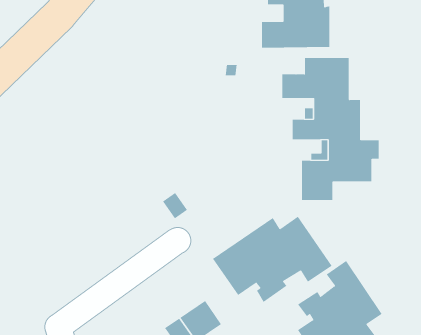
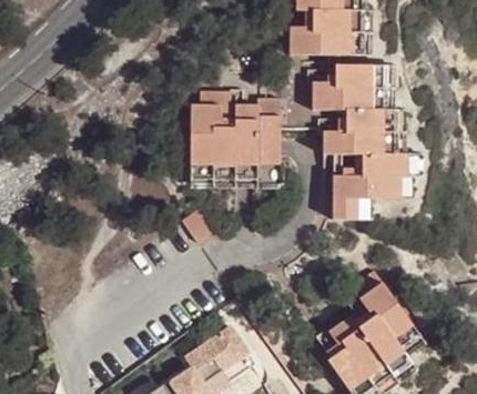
building: none -> [189,91,277,179]
building: [212,216,332,303] -> none

